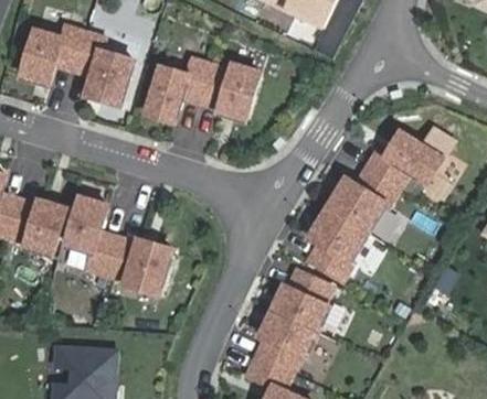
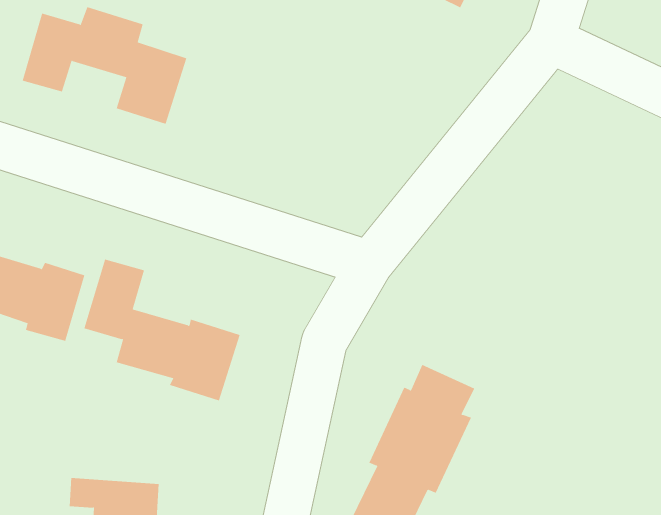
building: [147,60,261,122] -> none
building: [308,131,442,279] -> none

